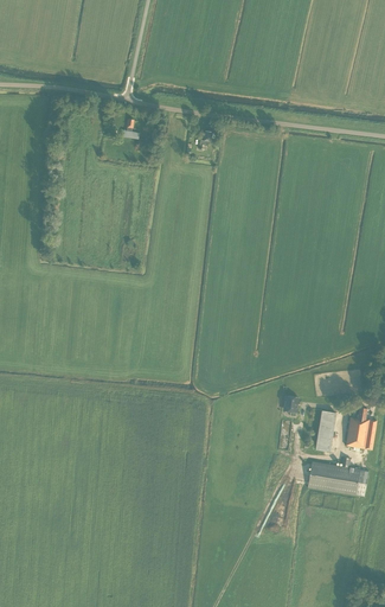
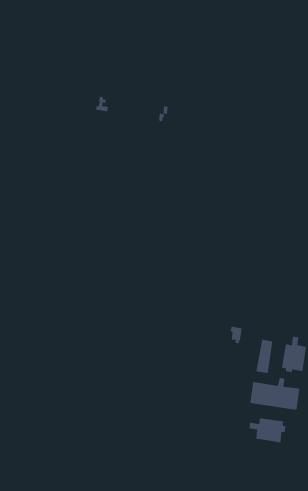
building: none -> [249,418,286,443]

